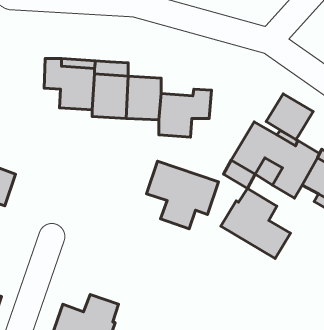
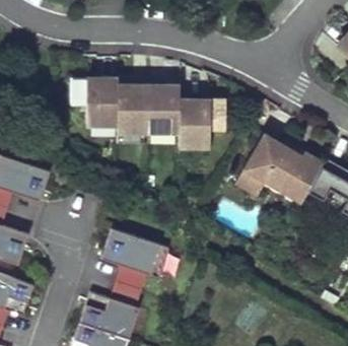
building: [266,94,313,139] -> none
building: [146,161,219,229] -> [99,238,166,301]
building: [221,188,291,259] -> none

